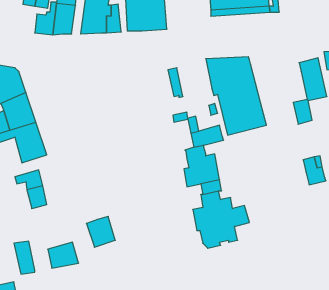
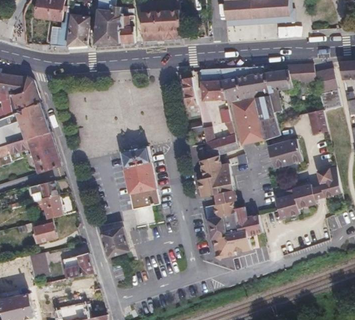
building: none -> [266,63,317,112]
building: none -> [201,68,227,100]
building: none -> [269,136,311,168]
building: none -> [122,147,160,210]
building: none -> [276,183,316,217]
building: none -> [28,218,55,243]

